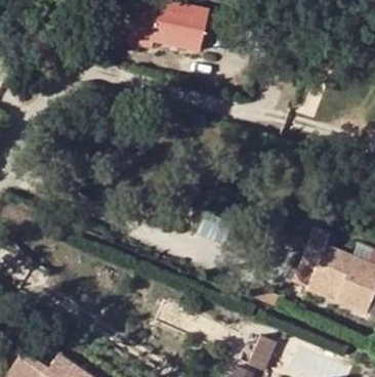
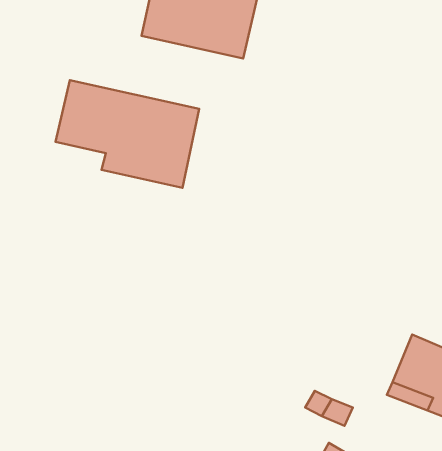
building: none -> [56,80,199,188]

